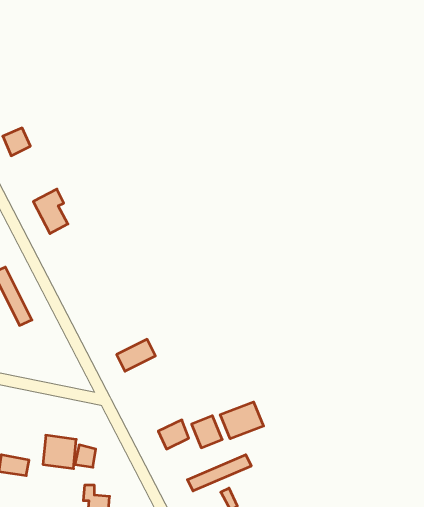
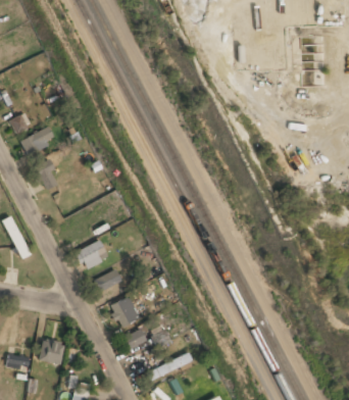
building: none -> [20,128,53,156]
building: none -> [76,241,108,270]
building: none -> [109,297,139,327]
building: [220,402,264,439] -> none

